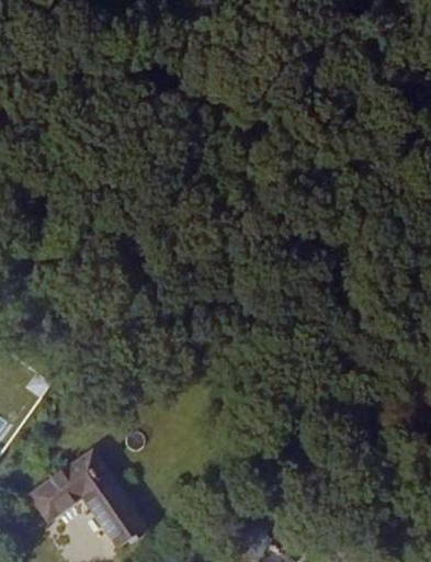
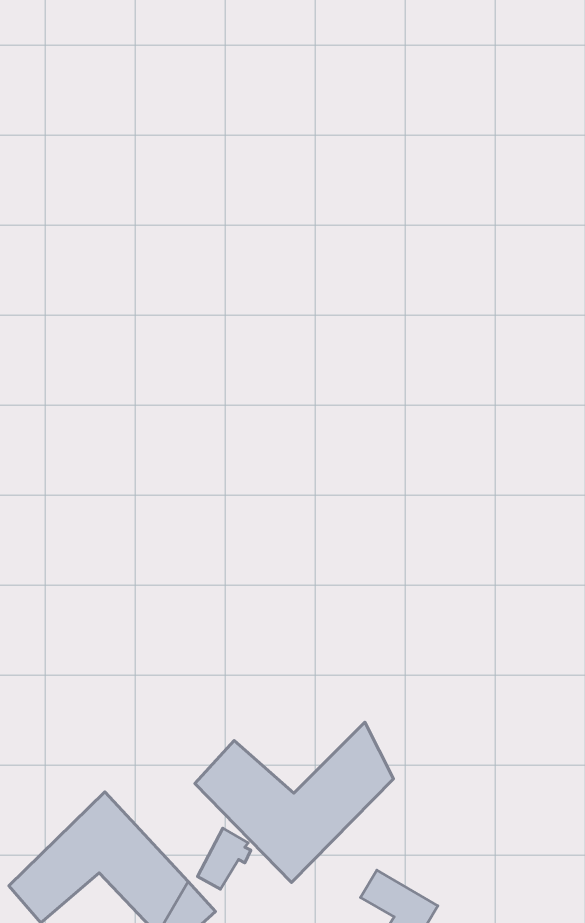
building: none -> [195,722,393,883]

